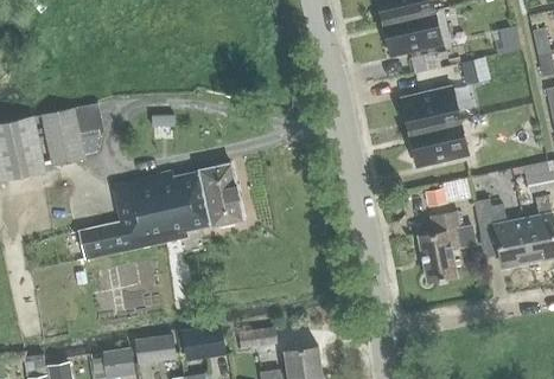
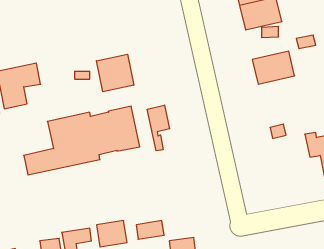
building: none -> [96,54,134,92]
building: [408,121,466,167] -> none
building: none -> [147,105,170,151]
building: [419,213,475,282] -> none

